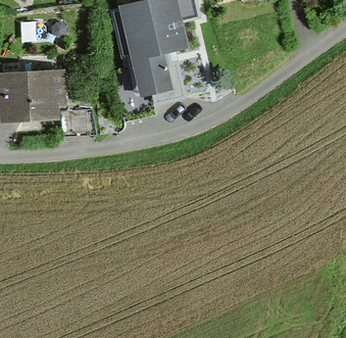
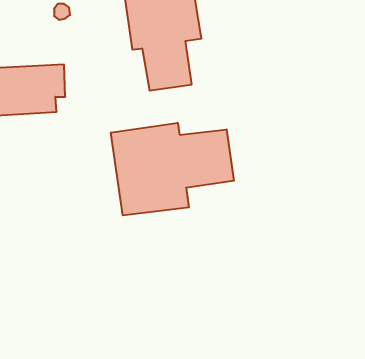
building: none -> [111,123,234,215]

